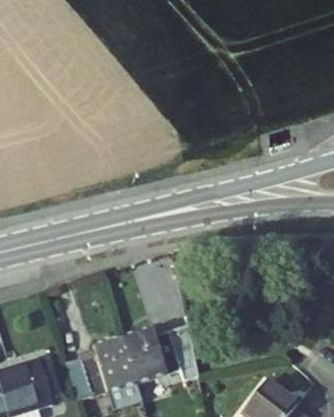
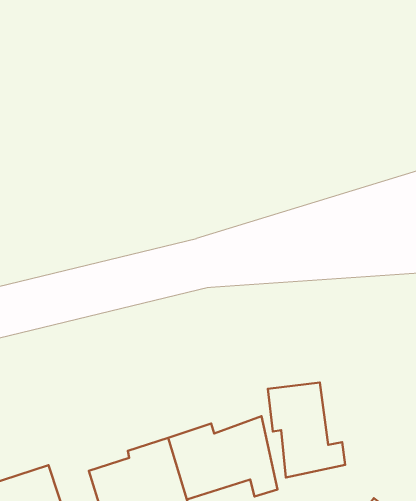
building: none -> [268,383,345,478]

